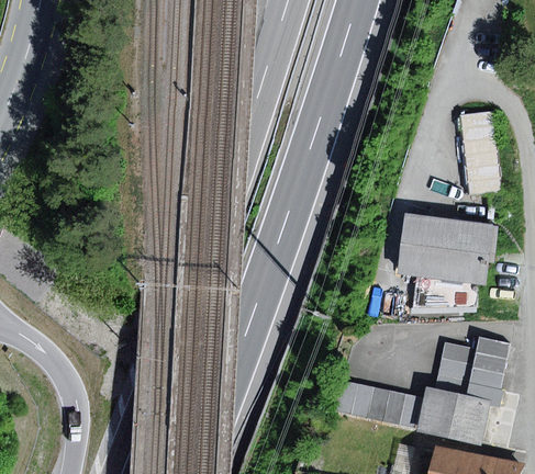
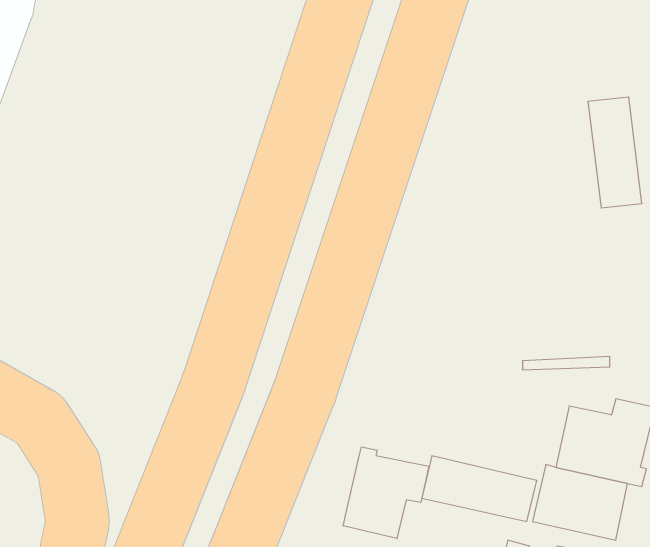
building: [399,212,499,282] -> none
building: none -> [343,447,429,539]

